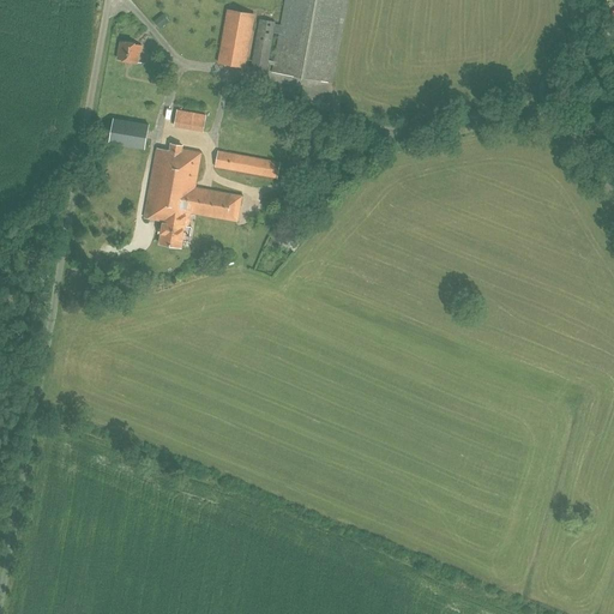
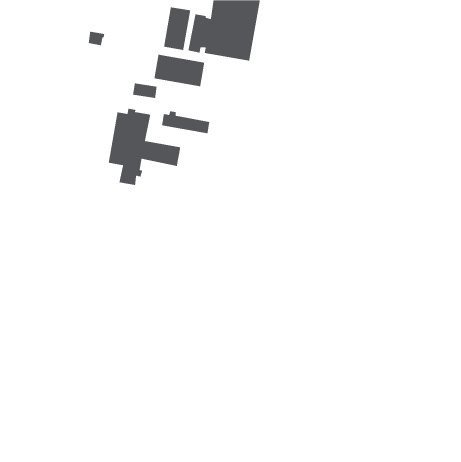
building: none -> [153,54,205,87]
building: [107,118,148,149] -> none

